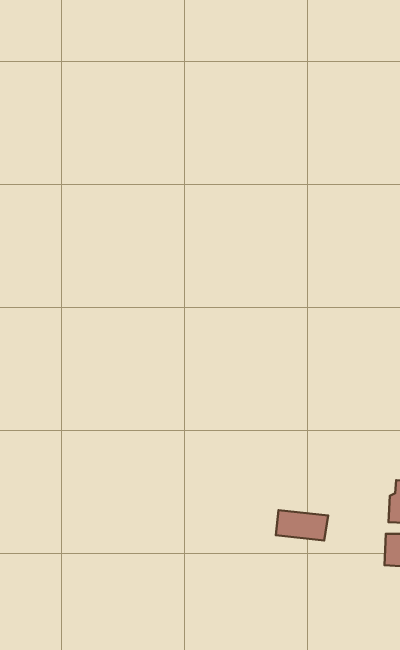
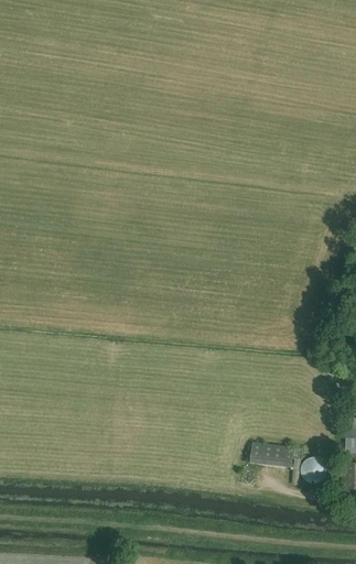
building: none -> [301,457,327,484]

